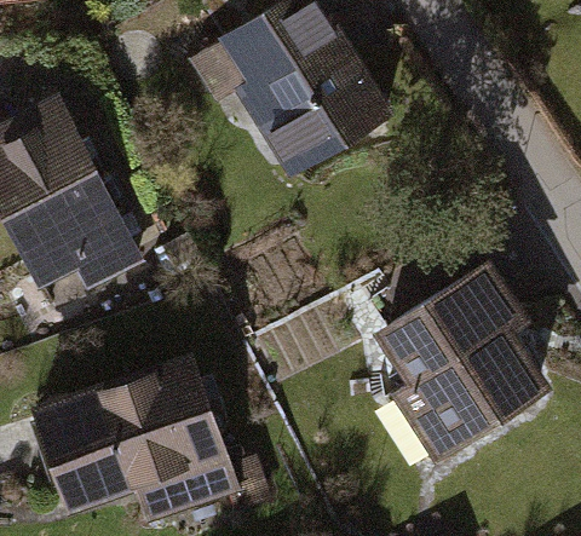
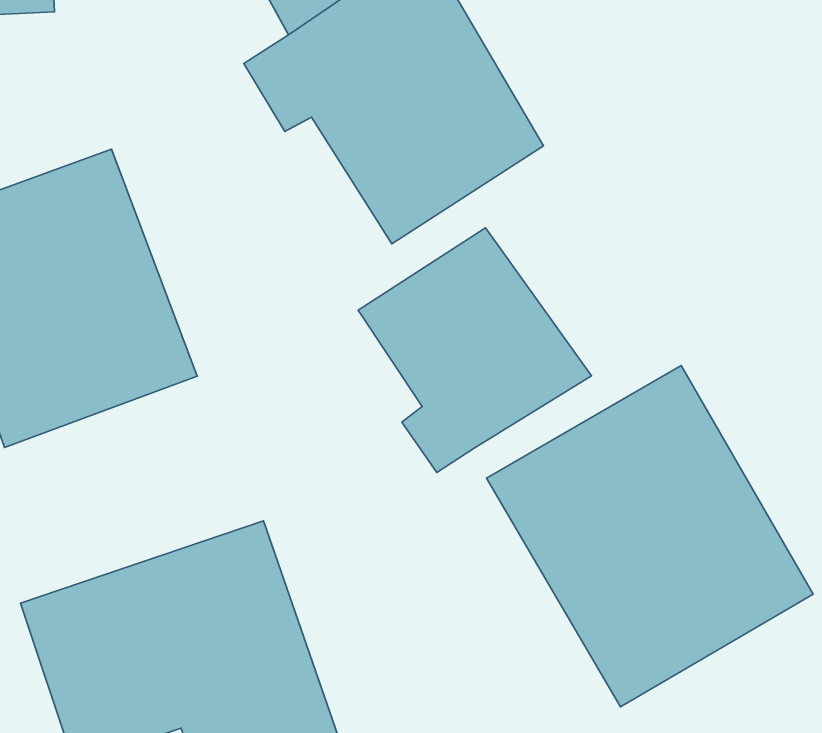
building: none -> [358,228,591,472]

